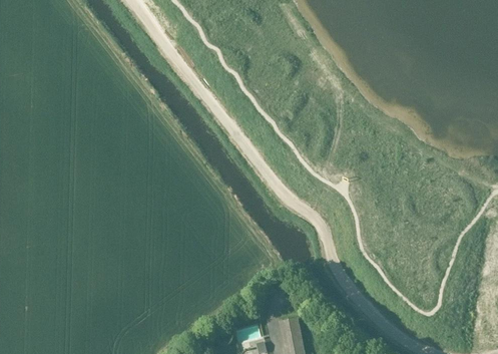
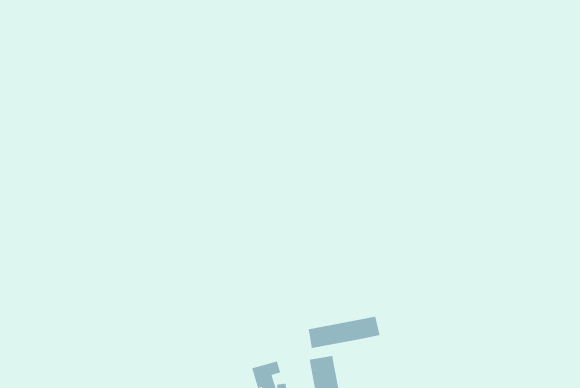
building: none -> [308,316,381,349]

